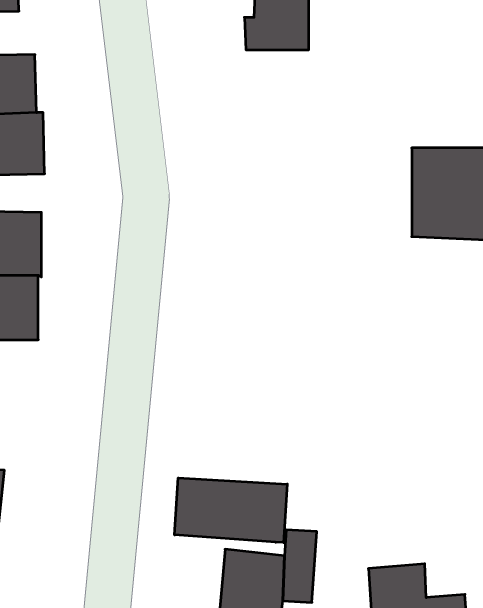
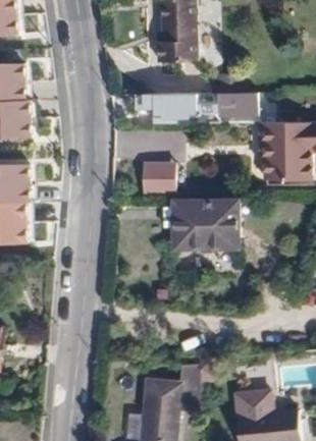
building: none -> [137,92,259,114]
building: none -> [143,162,176,192]
building: none -> [176,195,241,255]
building: [175,478,287,543] -> none

